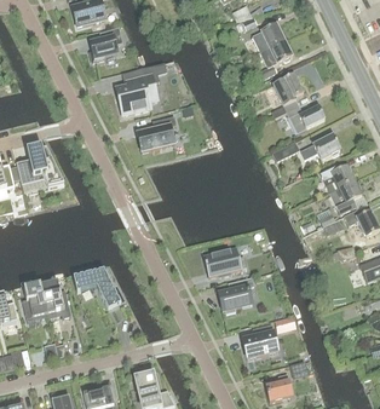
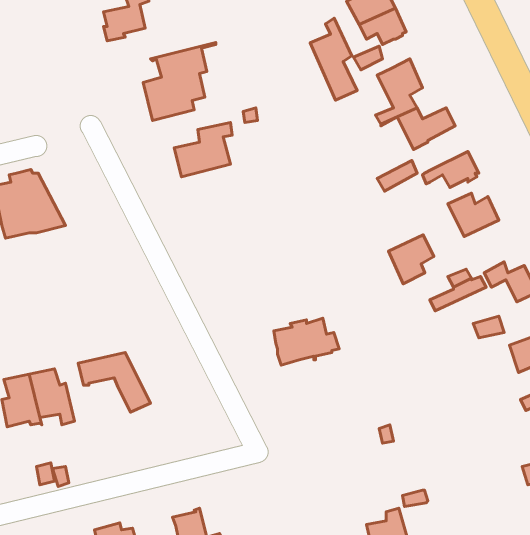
building: none -> [310,18,357,100]
building: [330,180,361,213] -> [389,235,434,284]
building: [218,278,252,312] -> none
building: [242,323,277,358] -> none

